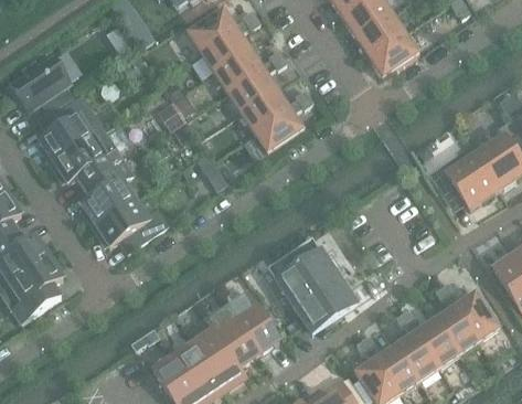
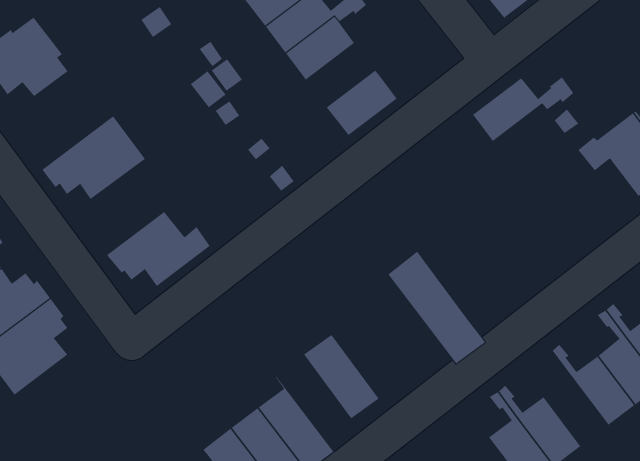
building: [241,87,313,131] -> [472,76,574,142]
building: [40,96,104,163] -> none
building: [82,160,136,226] -> none
building: [268,252,334,332] -> none
building: [207,305,258,374] -> none
building: [395,312,439,381] -> none

